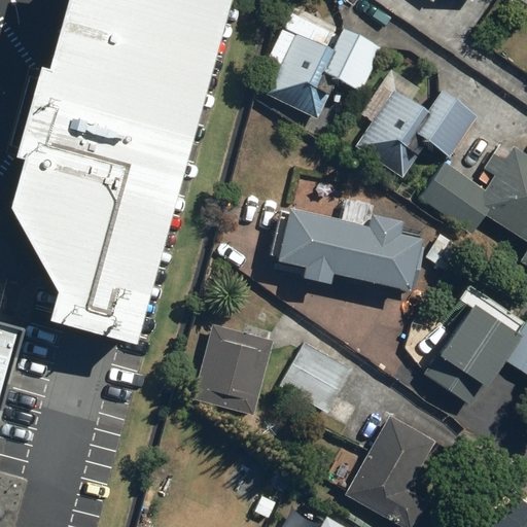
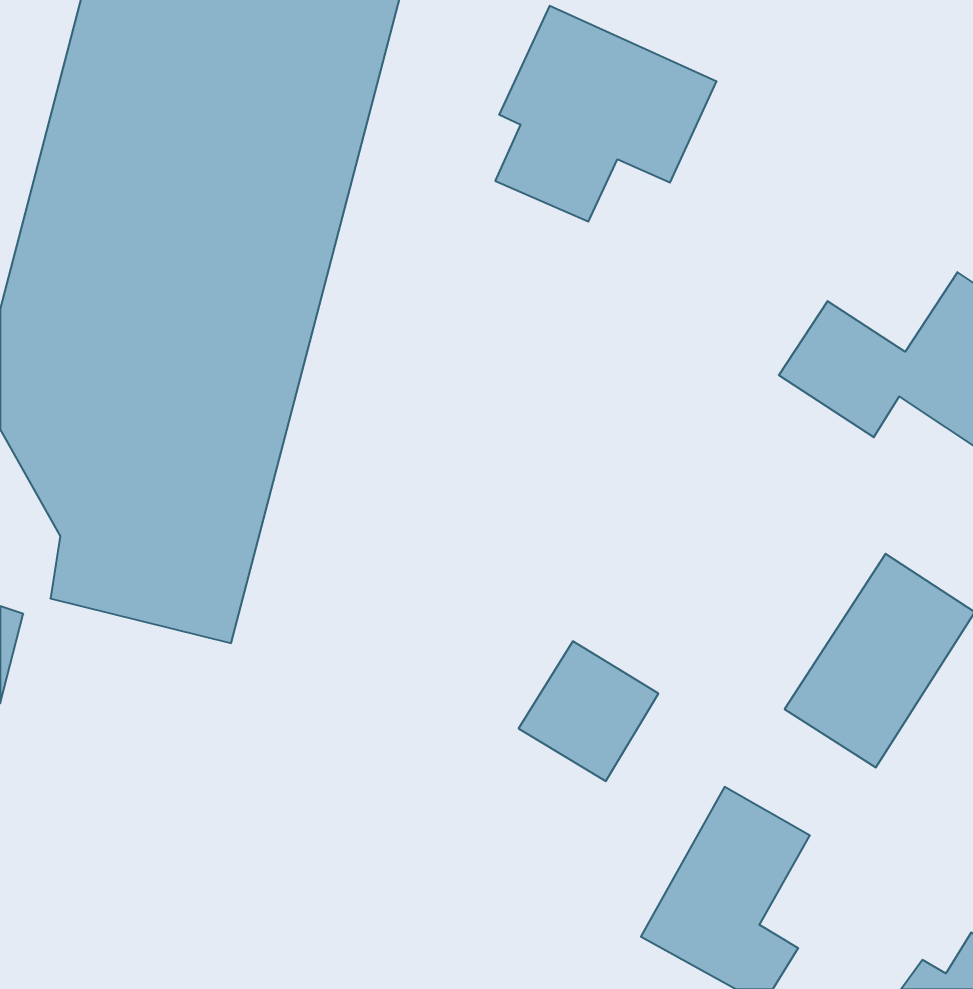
building: [363,69,479,177] -> none
building: [272,198,419,293] -> none
building: [197,325,278,416] -> none

